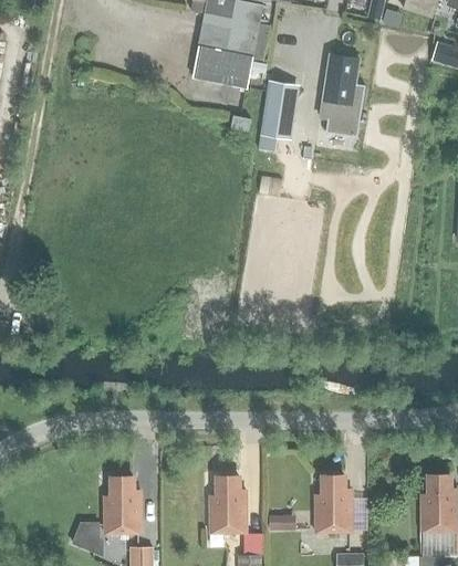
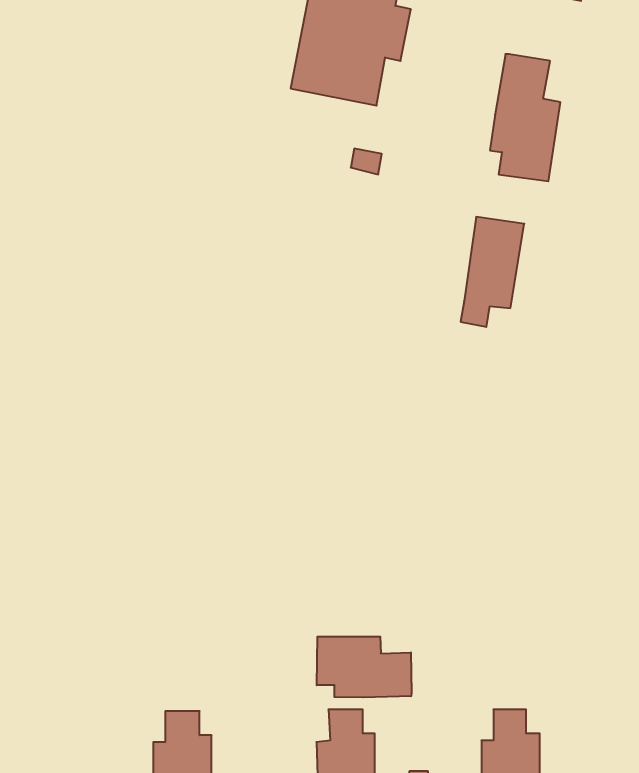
building: [259,80,300,150] -> [461,217,524,327]
building: none -> [317,637,411,697]

